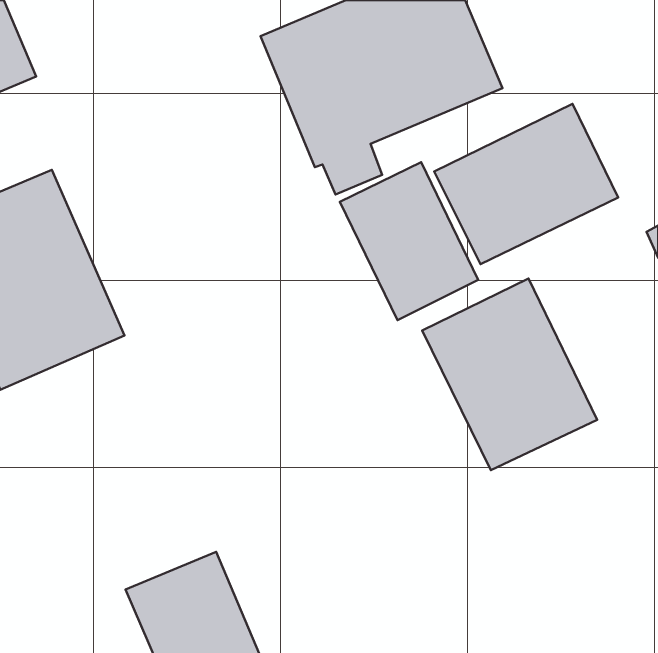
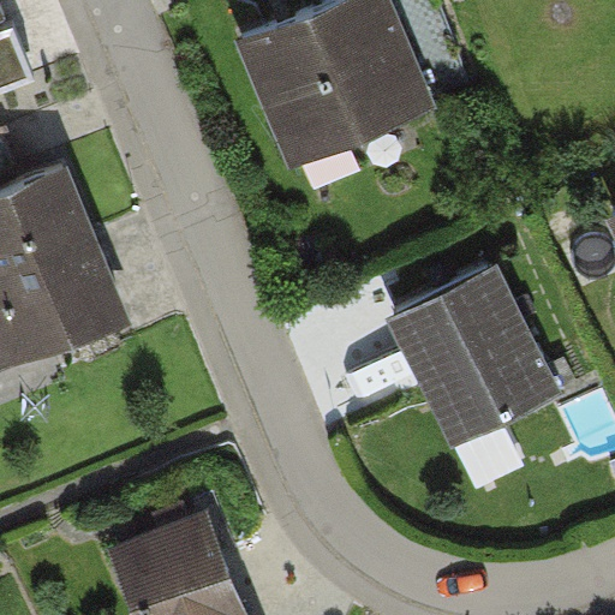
building: [434,104,618,264] -> none
building: [340,162,478,320] -> none

